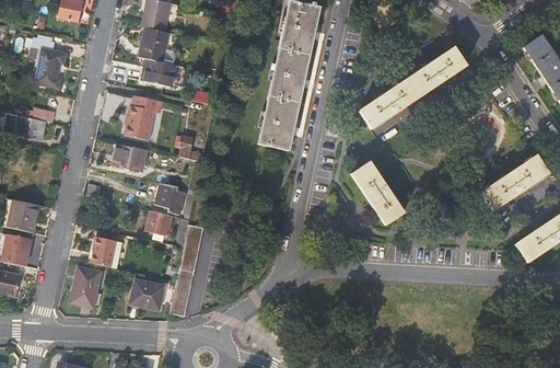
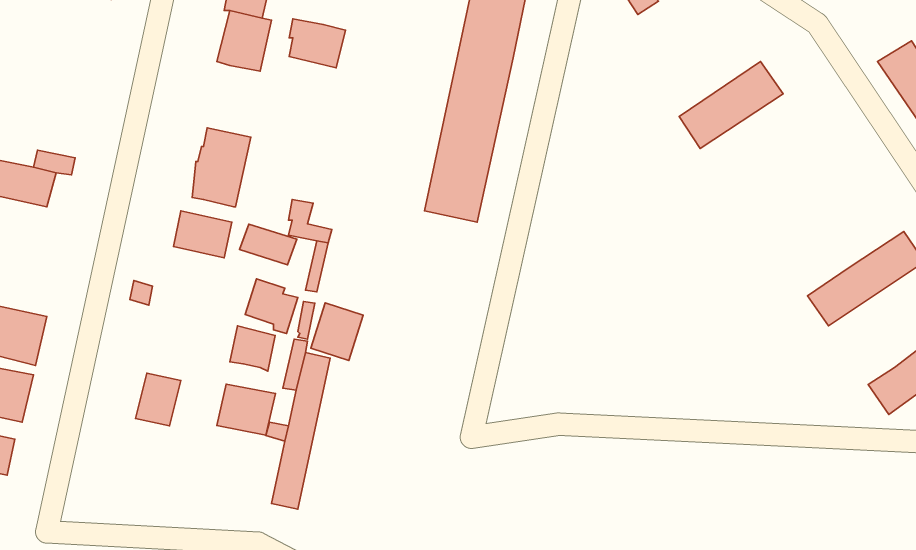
building: [32,37,66,89] -> none
building: [143,58,176,87] -> [289,19,346,68]
building: [358,88,418,138] -> none
building: none -> [240,224,297,265]
building: [351,161,404,223] -> none
building: none -> [311,303,363,361]
building: [70,266,101,307] -> none
building: [130,279,164,309] -> [217,384,275,435]

